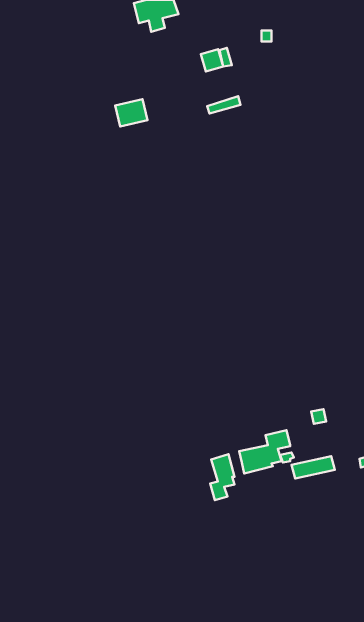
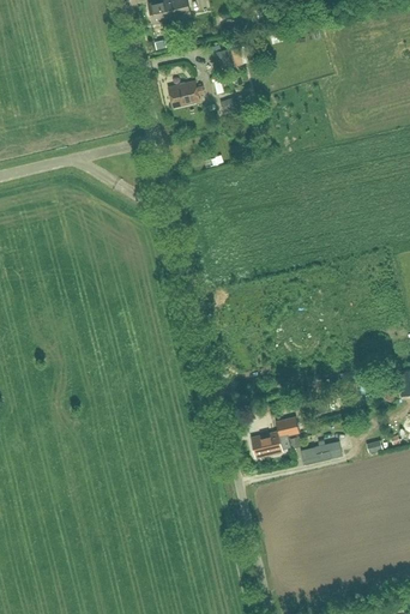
building: [115,99,147,126] -> [169,80,200,107]
building: [210,454,234,500] -> none

